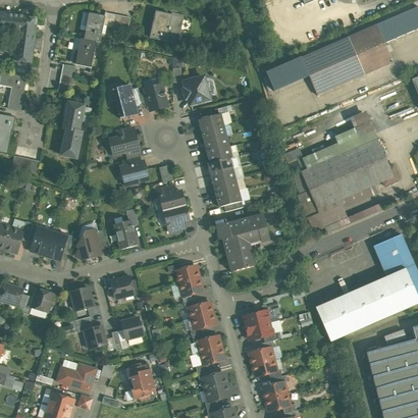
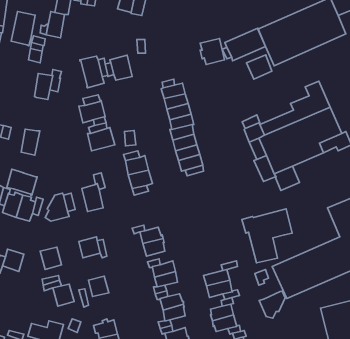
building: none -> [11,12,35,46]
building: [184,76,209,104] -> [200,38,224,65]
building: none -> [246,55,272,79]
building: [62,128,82,156] -> [21,129,40,155]
building: none -> [7,169,37,195]
building: [216,213,269,270] -> [242,209,292,263]
building: none -> [259,291,285,318]

